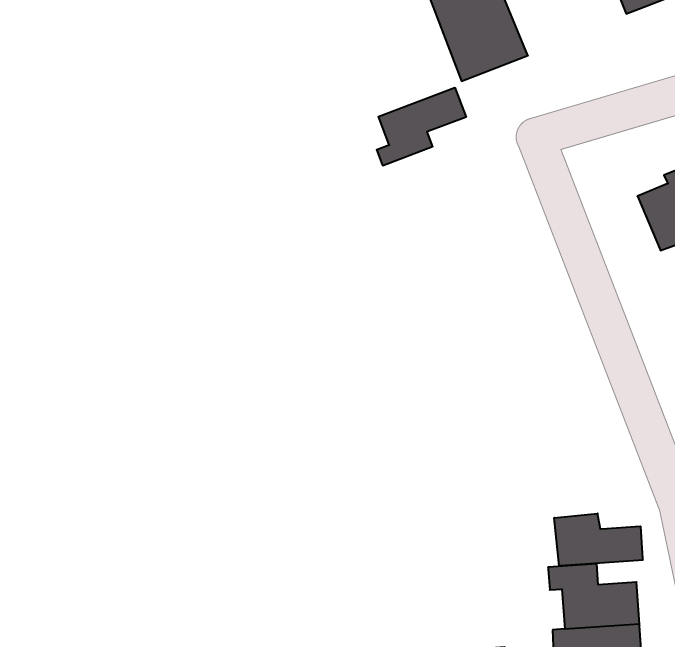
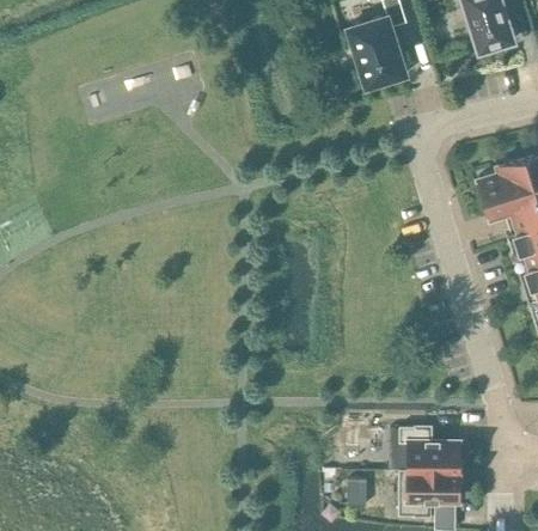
building: [377,88,466,166] -> none
building: [554,513,643,566] -> none

